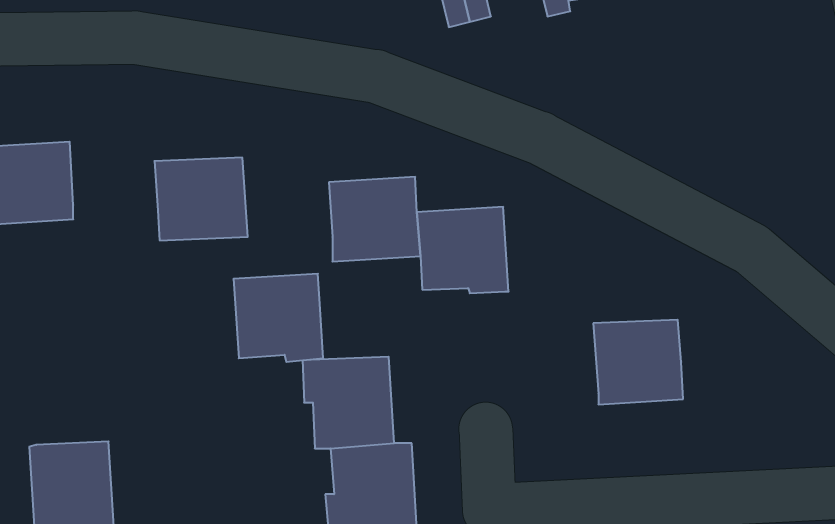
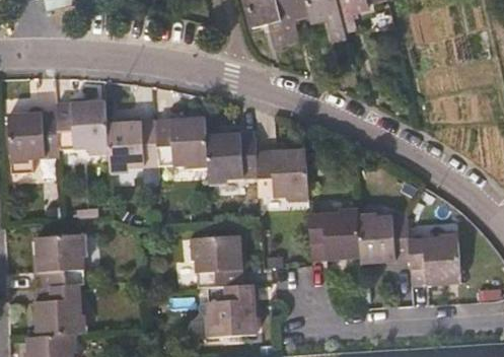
building: none -> [55,101,106,153]
building: [233,274,323,362] -> [155,119,207,169]
building: none -> [307,212,360,261]
building: none -> [34,234,86,287]
building: none -> [408,236,459,286]

